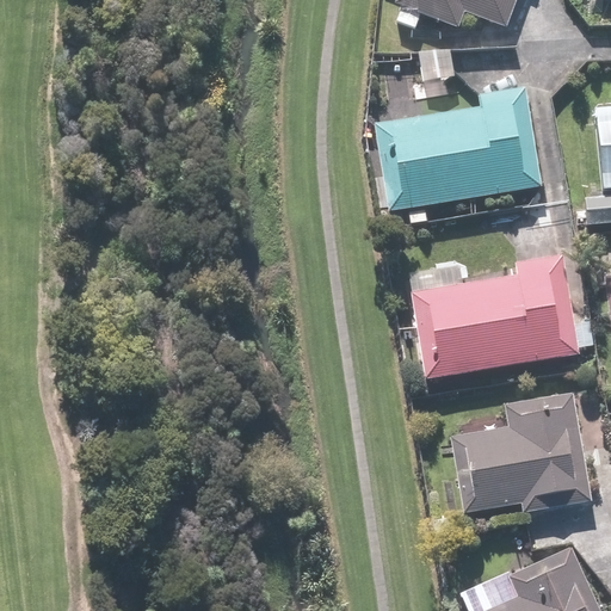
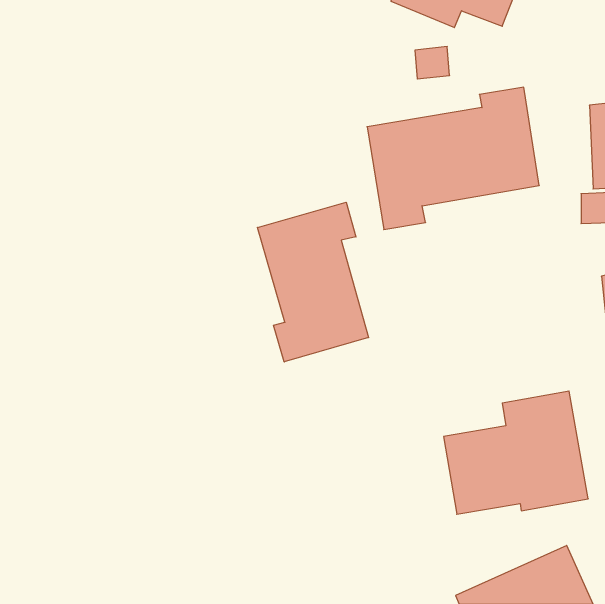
building: none -> [257,202,369,362]
building: [405,255,581,378] -> none

